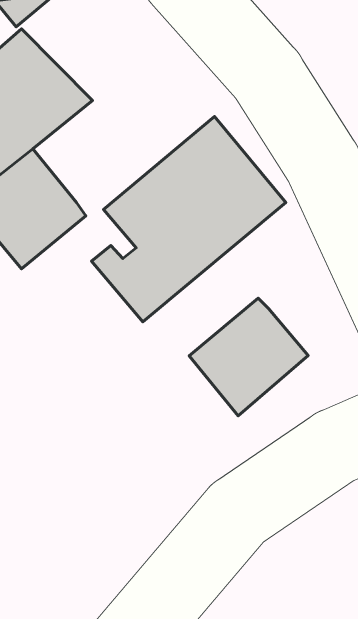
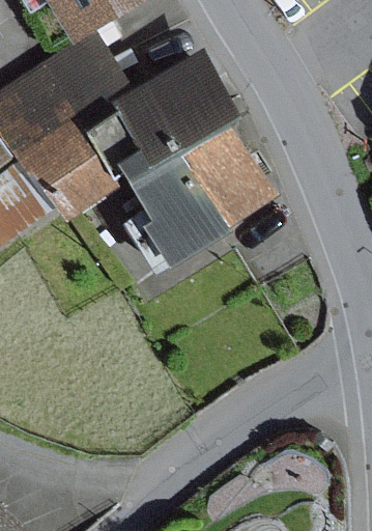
building: none -> [86,58,238,183]
building: [189,298,308,416] -> none

